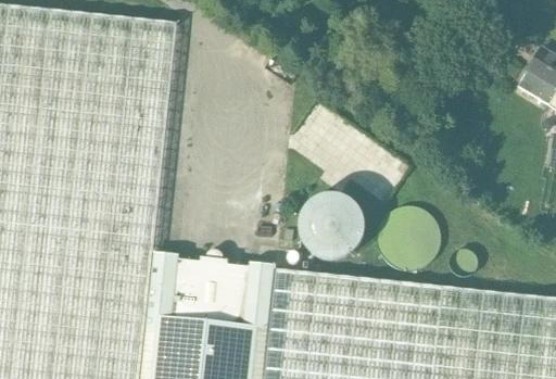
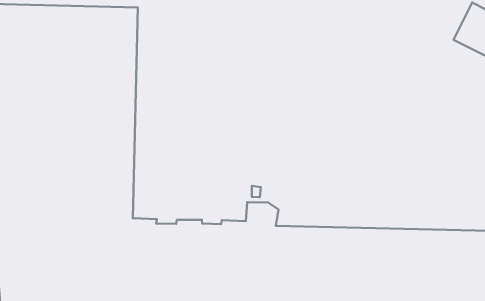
building: [298,194,364,262] -> none

